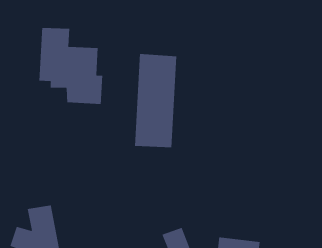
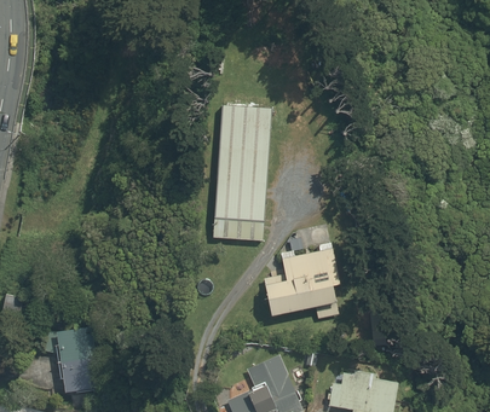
building: [39,27,103,105] -> none
building: none -> [259,226,346,313]

